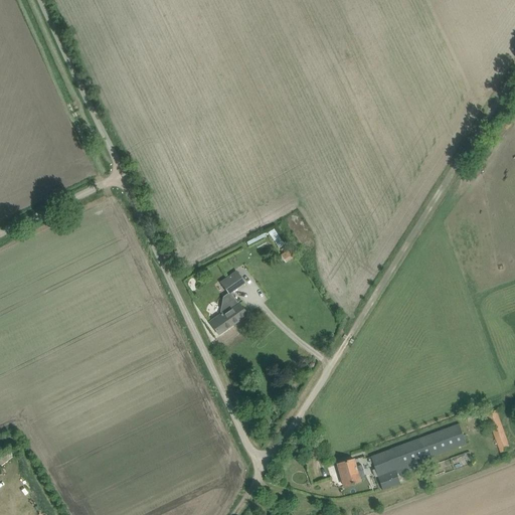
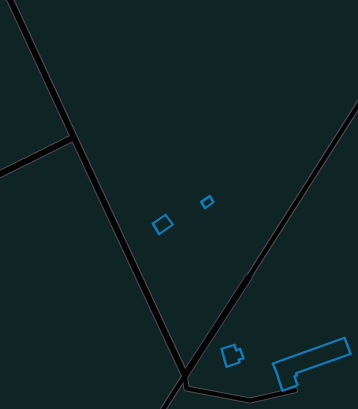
building: [209,297,246,334] -> none
building: [337,459,364,486] -> [222,345,243,367]

